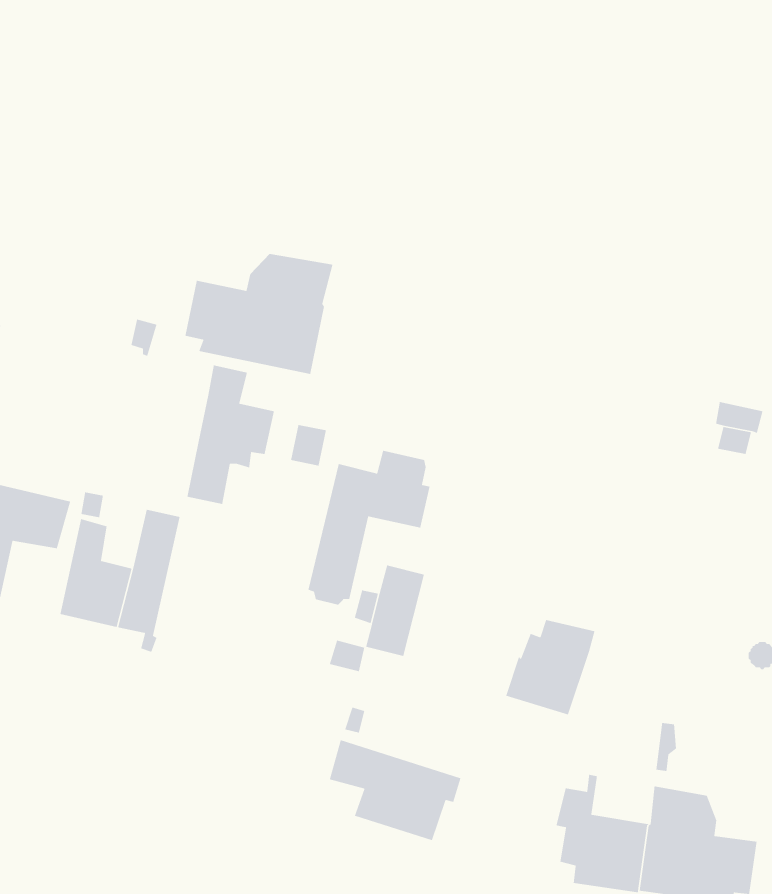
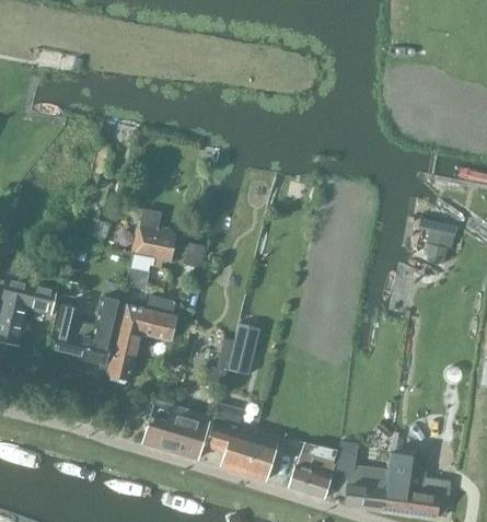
building: [185,253,333,375] -> none
building: [307,450,430,605] -> [106,295,176,384]
building: [505,619,595,715] -> [288,445,339,500]
building: none -> [142,401,210,460]

